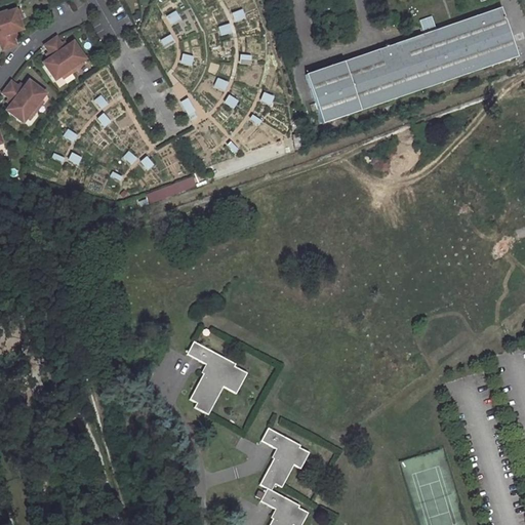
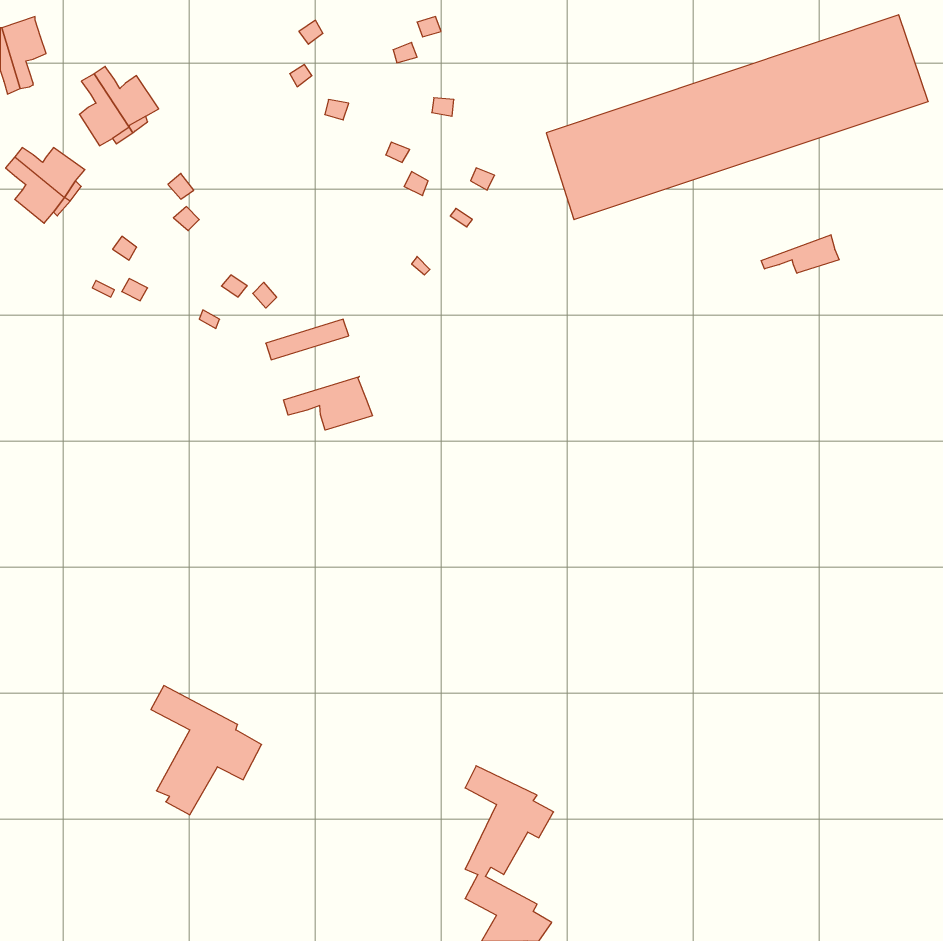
building: none -> [761,235,839,273]
building: none -> [284,376,373,430]
building: [184,333,245,405] -> [151,686,262,815]

